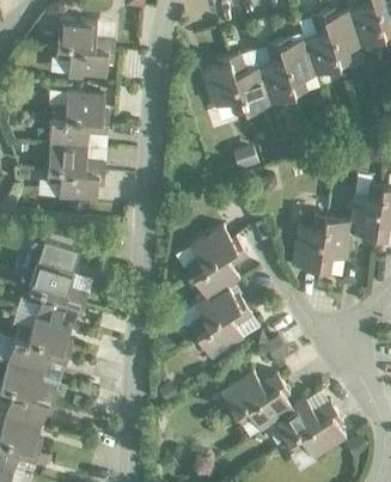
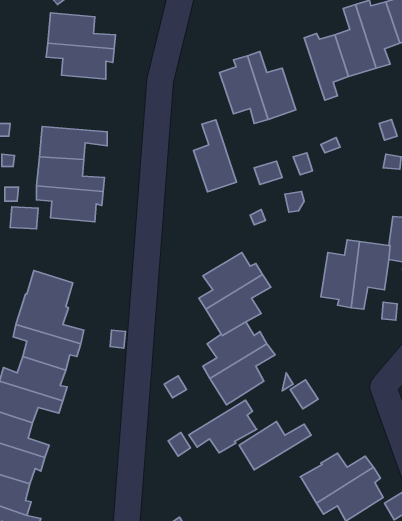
building: [257,42,294,104] -> [194,120,237,192]
building: [50,93,108,123] -> none
building: [233,385,292,431] -> [189,400,257,453]

